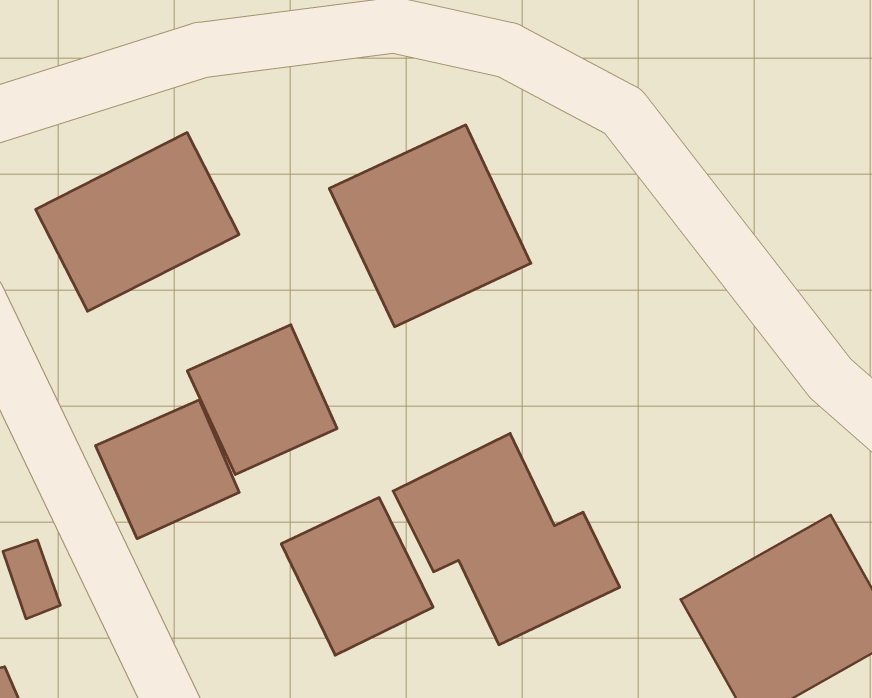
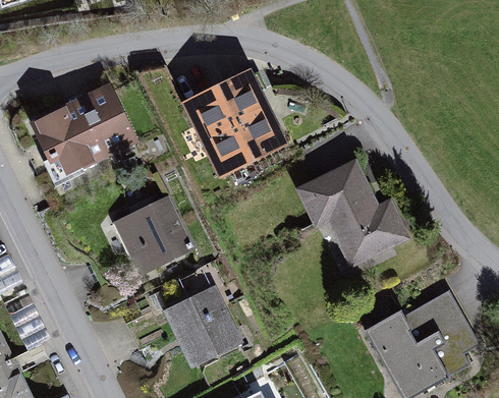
building: [96,400,239,539] -> none
building: [393,433,620,645] -> [293,158,413,270]

